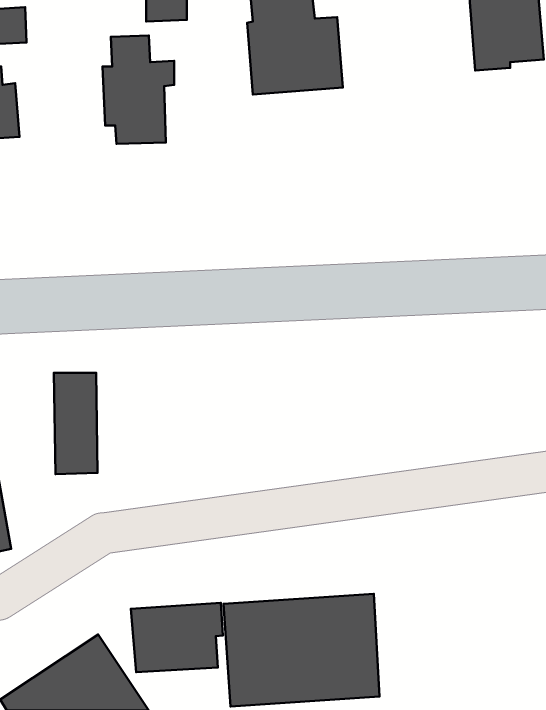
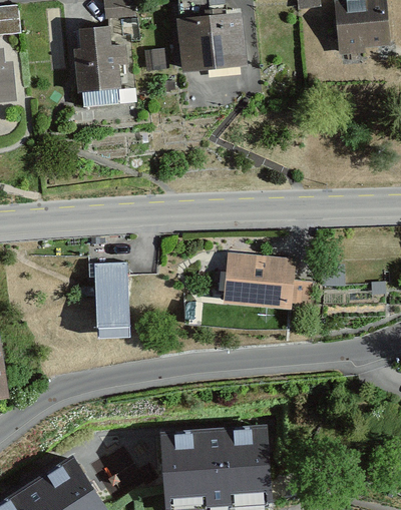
building: none -> [225,254,312,308]
building: [54,373,98,474] -> [96,265,127,337]
building: [131,603,223,672] -> none

